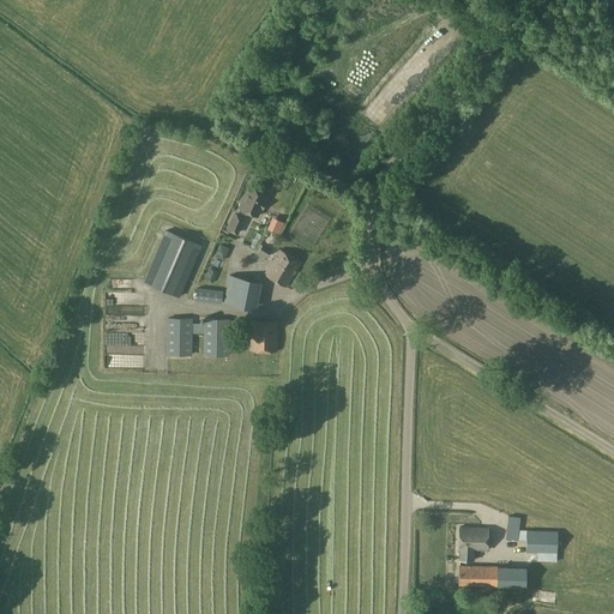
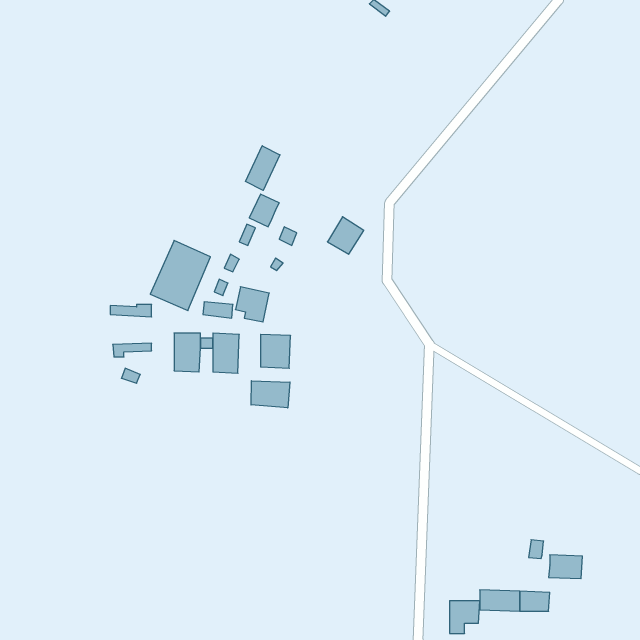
building: none -> [246,146,280,190]
building: [265,251,300,287] -> [327,217,364,254]
building: none -> [251,381,290,408]
building: [459,529,488,560] -> [450,601,480,633]

